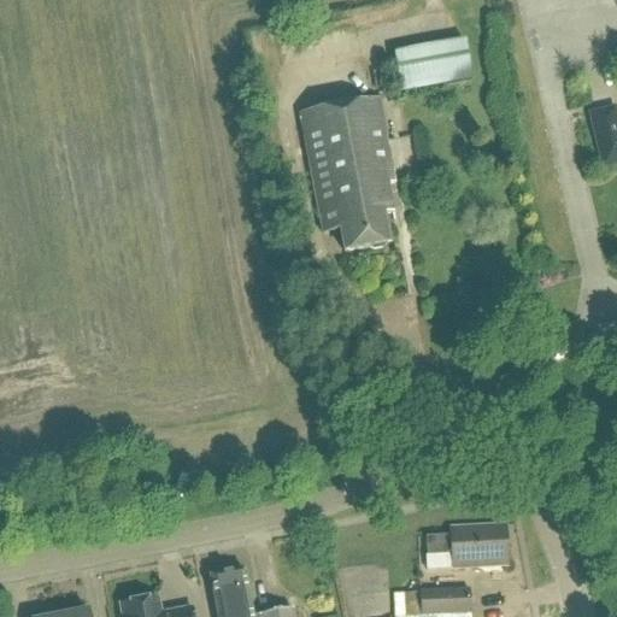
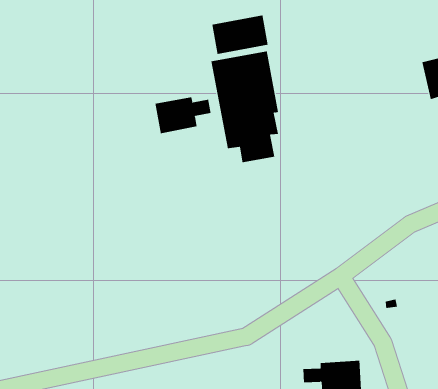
building: [393,36,471,90] -> [212,15,269,54]
building: none -> [155,97,211,134]

